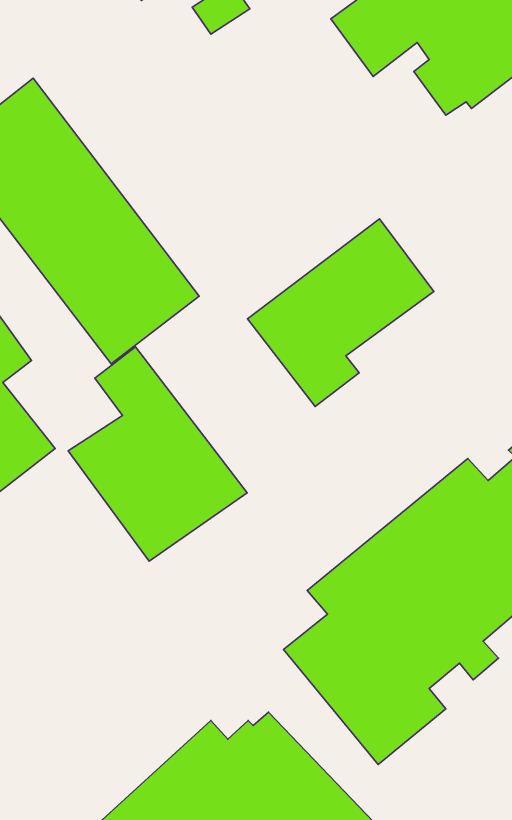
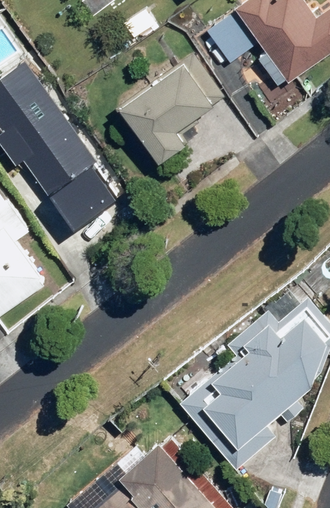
building: [248,219,434,407] -> [115,52,225,163]
building: [68,347,247,561] -> none

